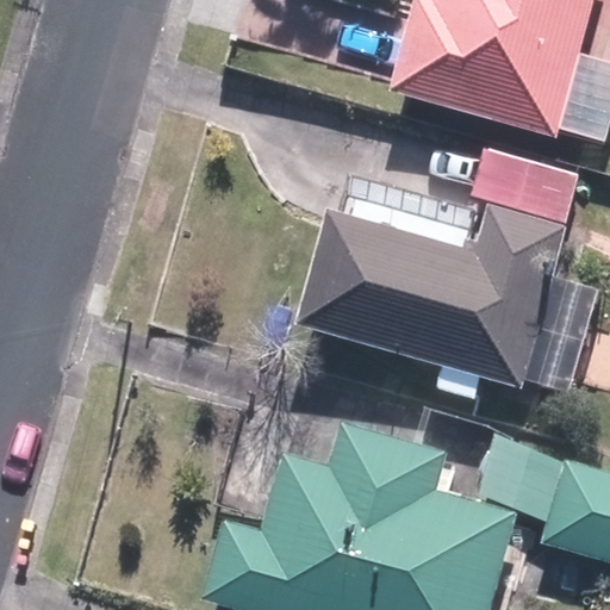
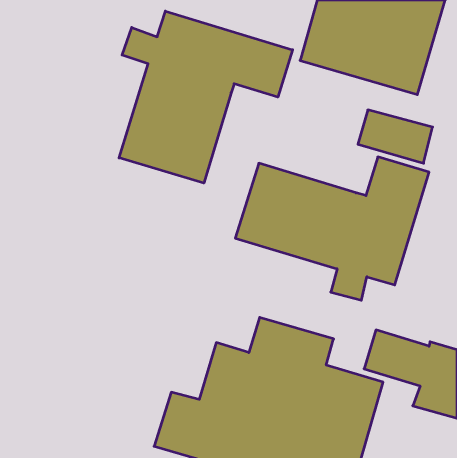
building: none -> [119,11,293,183]

